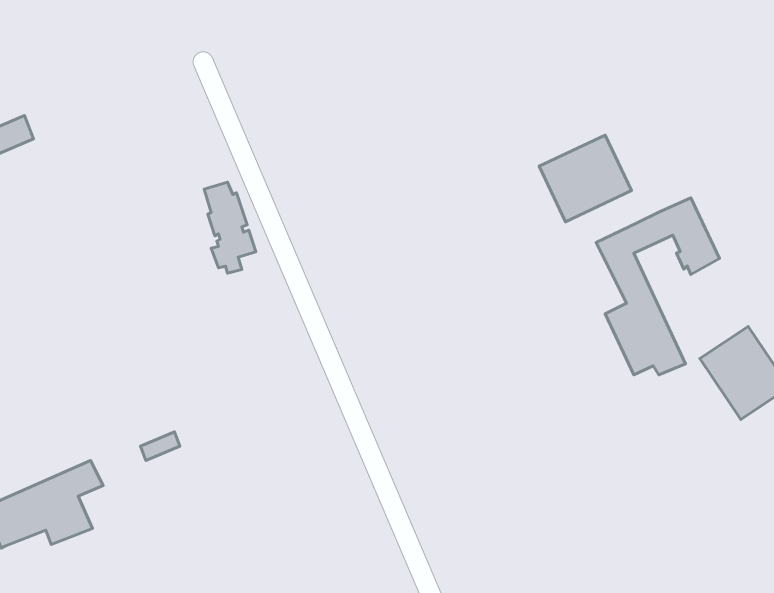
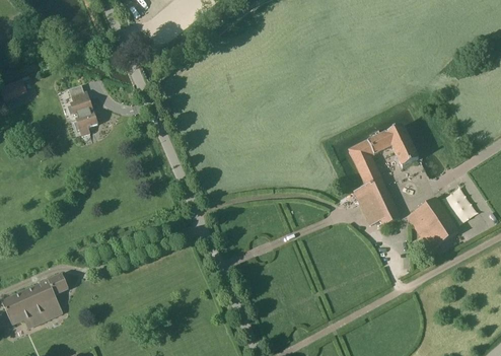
building: [539,135,632,222] -> none
building: [204,182,256,273] -> [70,84,99,136]

